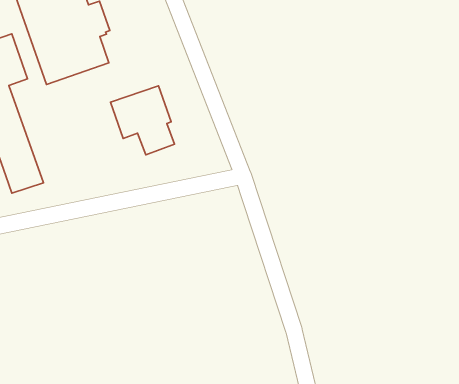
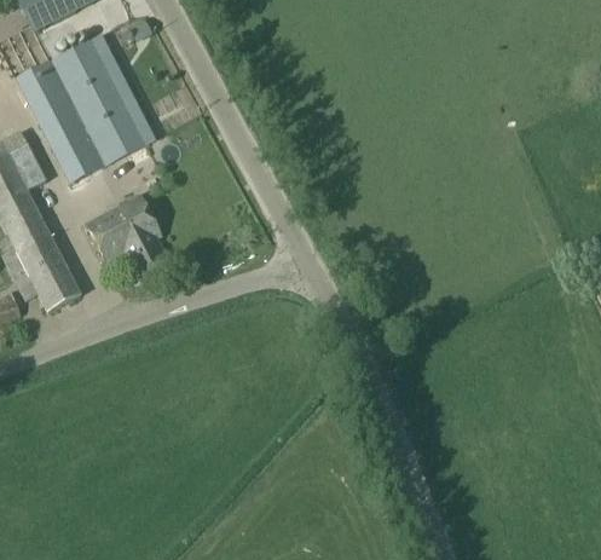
building: [110,86,174,155] -> [87,195,168,277]

